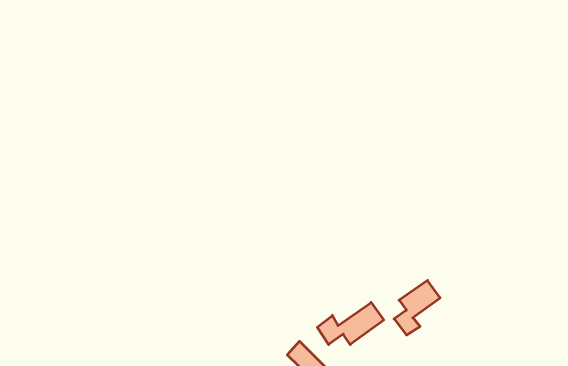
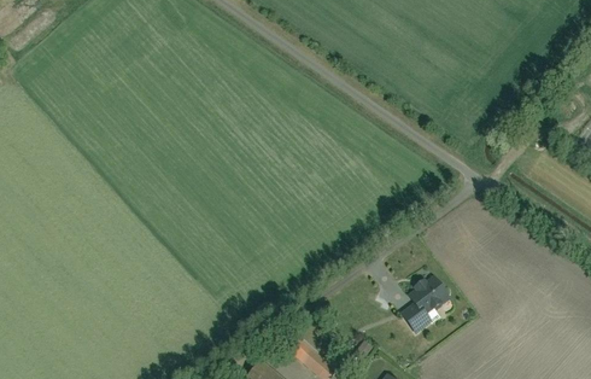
building: [317,302,384,345] -> none

